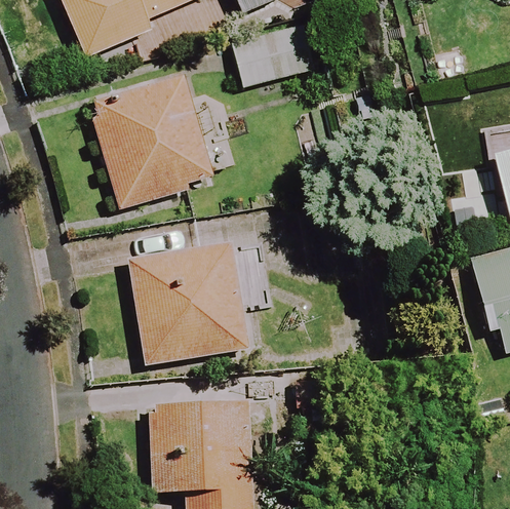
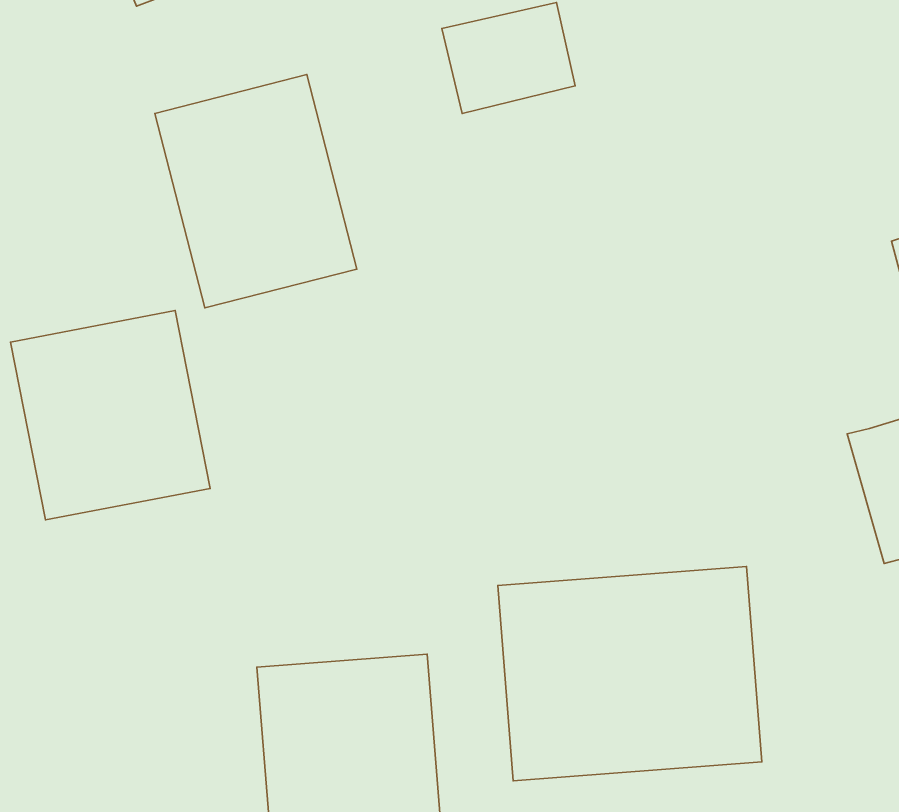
building: [129,243,240,359] -> [10,311,210,520]
building: none -> [498,566,762,781]

